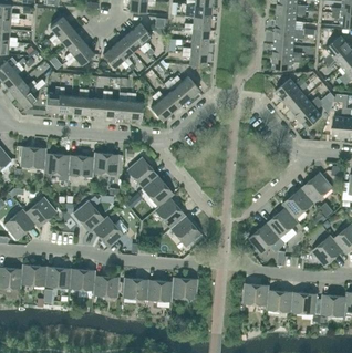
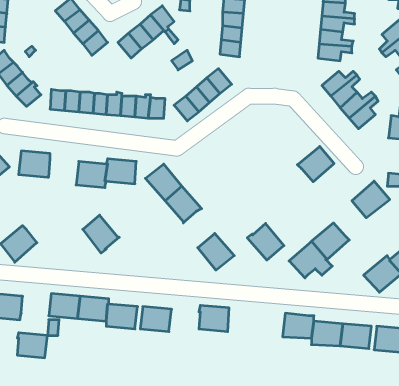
building: [43,153,70,180] -> none
building: [282,188,313,218] -> [297,146,334,182]
building: [25,197,56,228] -> none
building: [154,197,185,228] -> [247,223,284,260]
building: [92,216,123,248] -> none
building: [21,264,46,285] -> [17,333,47,358]
building: [146,280,173,301] -> none

